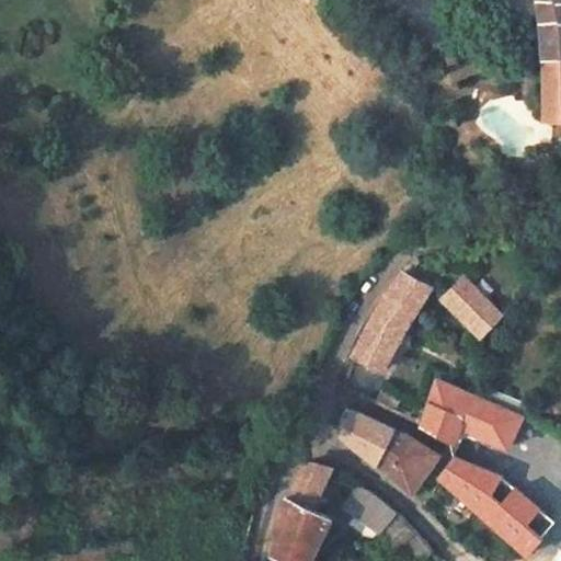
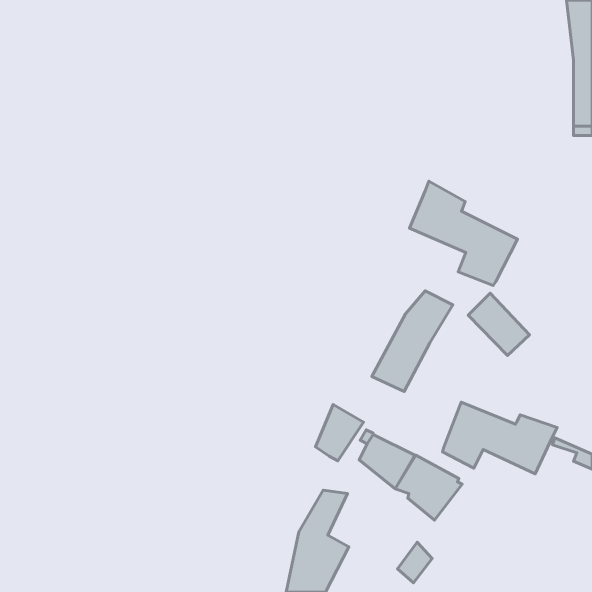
building: none -> [410,181,518,285]
building: none -> [315,404,364,461]
building: [437,459,551,554] -> none
building: [342,483,393,531] -> none

